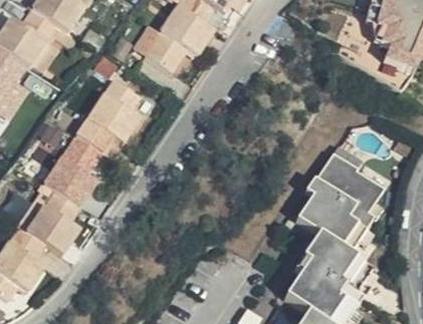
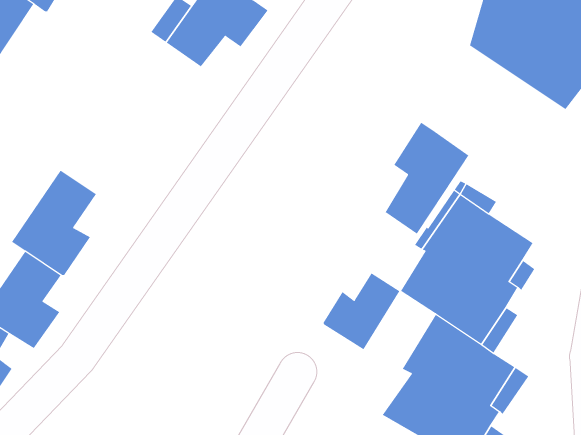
building: [74,81,138,152] -> none
building: none -> [385,122,469,234]
building: none -> [323,272,400,350]

